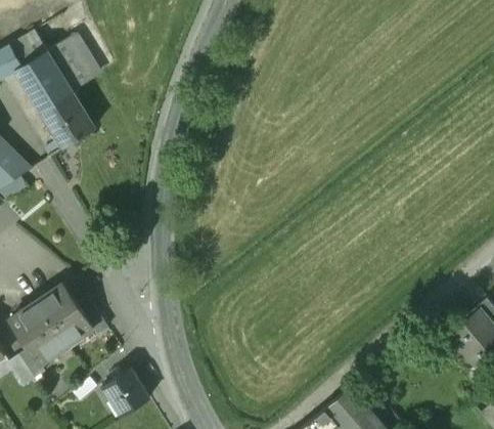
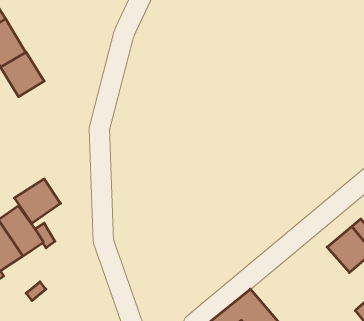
building: [46,37,95,92] -> none
building: none -> [14,179,61,224]
building: [101,367,149,416] -> none

